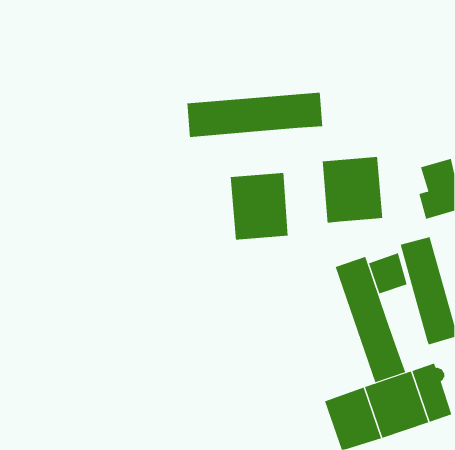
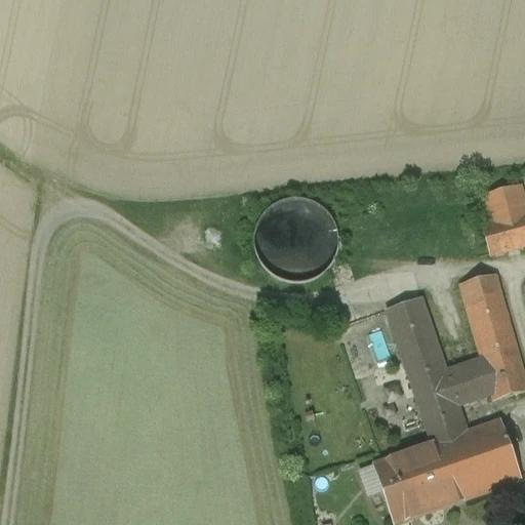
building: [187,92,323,138] -> none
building: [322,156,383,223] -> none
building: [368,252,407,294] -> [446,356,491,404]

